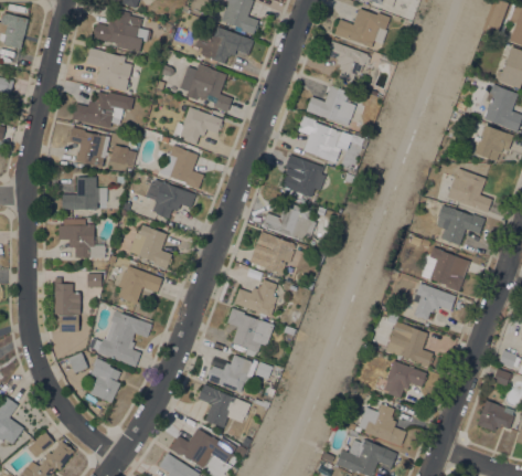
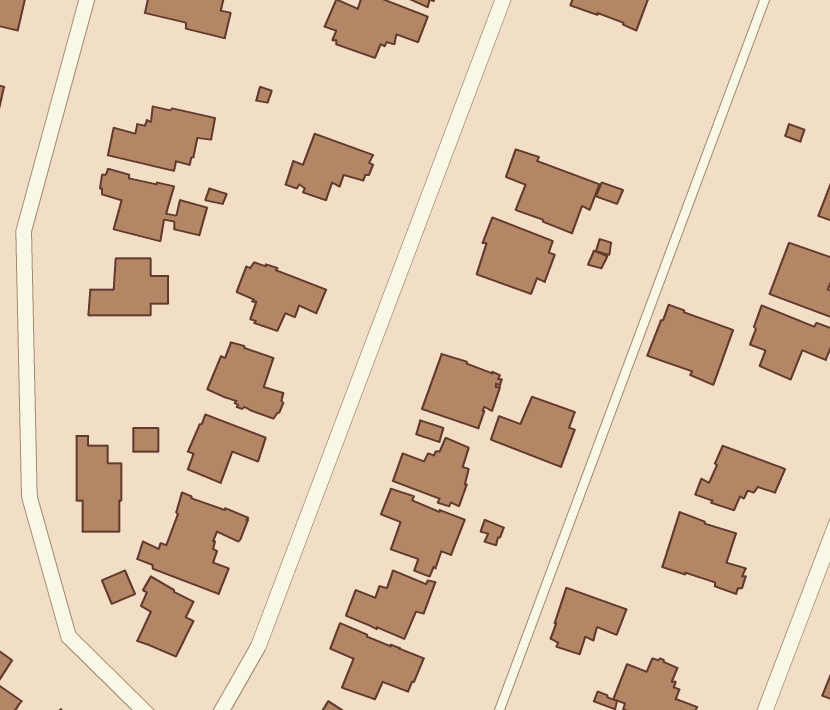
building: [326,41,366,83] -> none
building: [85,47,131,92] -> none
building: [179,64,232,113] -> none
building: [305,85,362,127] -> none
building: [159,146,203,190] -> none
building: [263,202,310,242] -> [491,397,575,467]
building: [57,220,105,258] -> none
building: [420,247,469,293] -> [647,305,733,385]
building: [383,361,426,399] -> [550,588,627,654]

